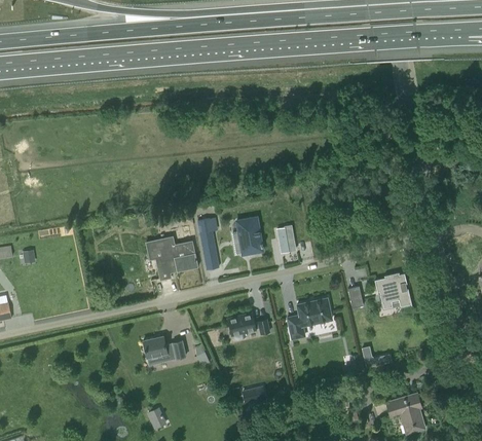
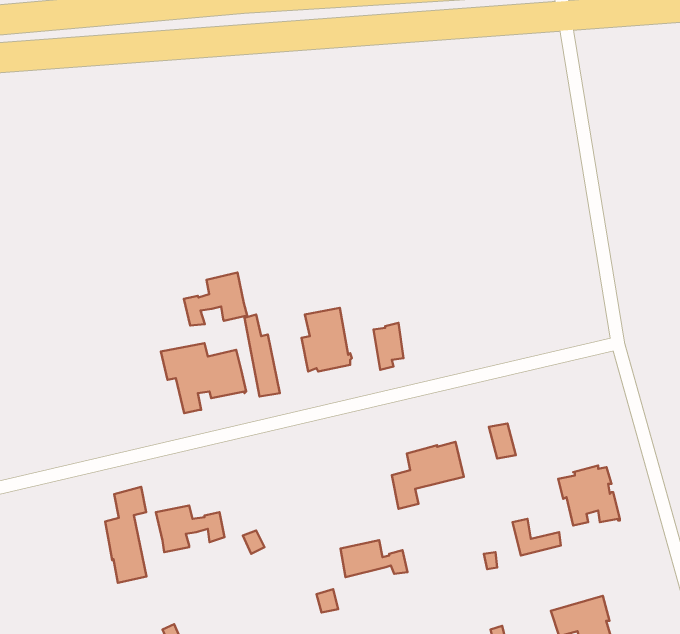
building: none -> [184,272,247,326]
building: [374,272,412,309] -> [558,465,620,526]
building: [228,314,269,336] -> [341,540,407,577]
building: none -> [105,487,147,583]

